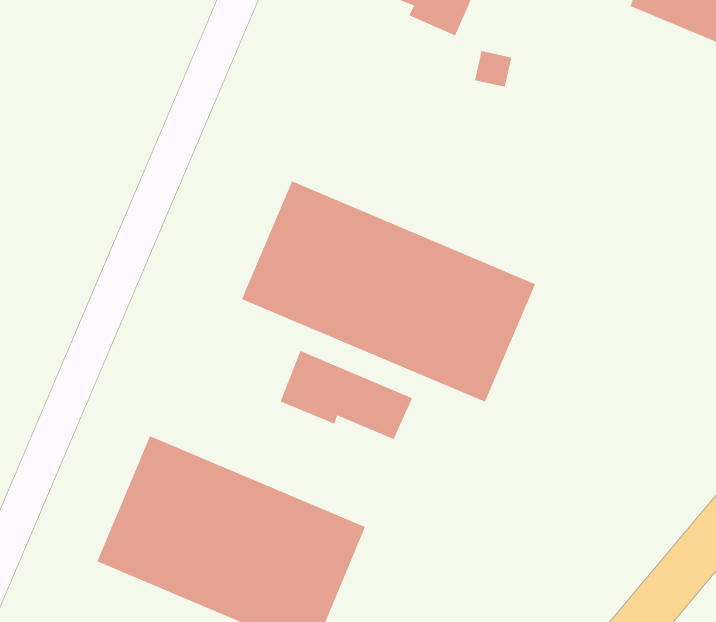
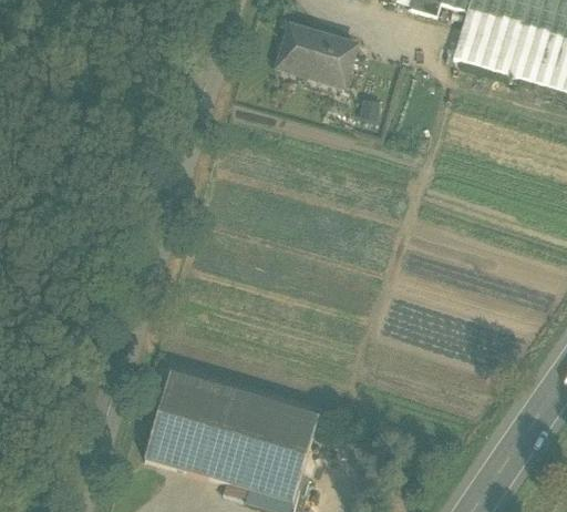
building: [241,181,536,402] -> none
building: [280,350,413,440] -> none

